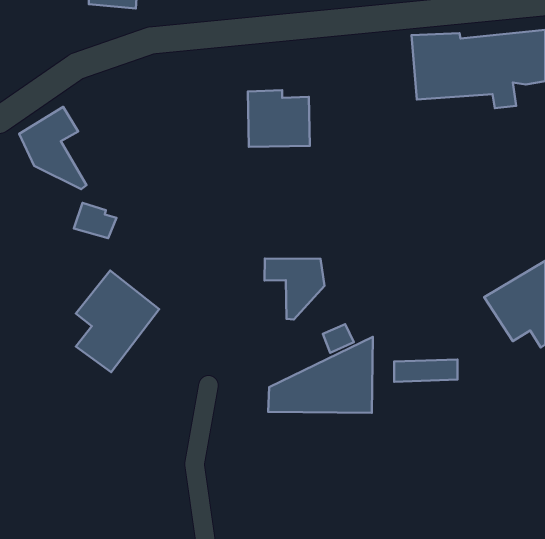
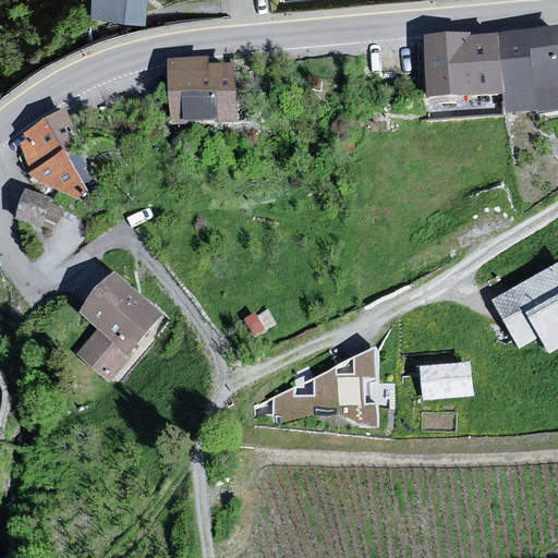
building: [248,90,310,147] -> [171,56,234,113]
building: [74,203,117,238] -> [19,185,62,221]
building: [265,258,324,320] -> none

